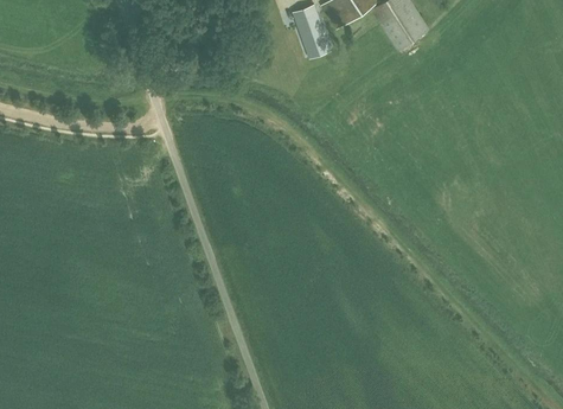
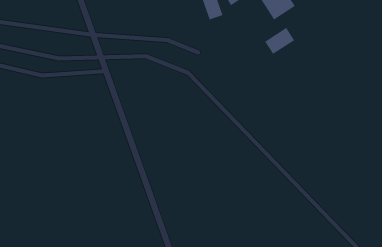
building: none -> [264,27,295,55]

